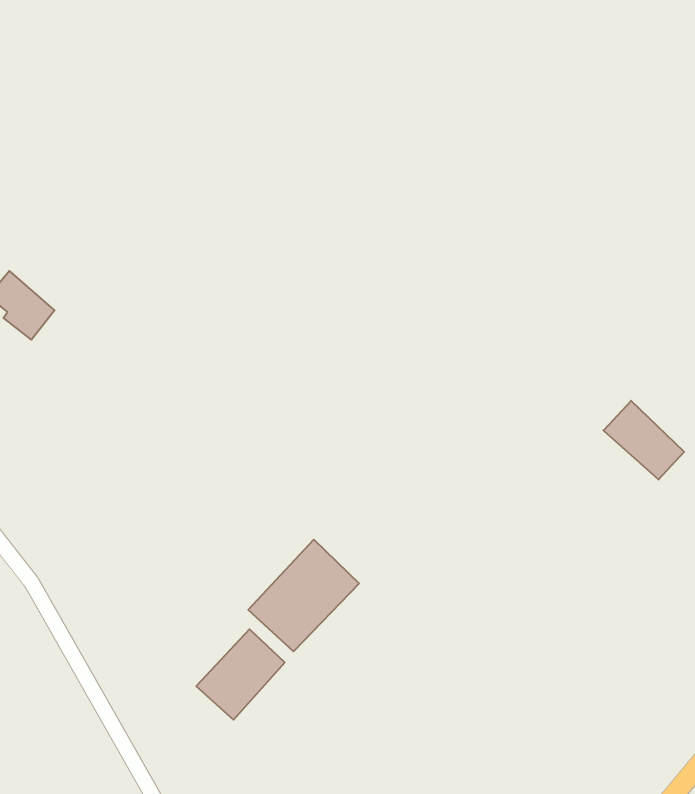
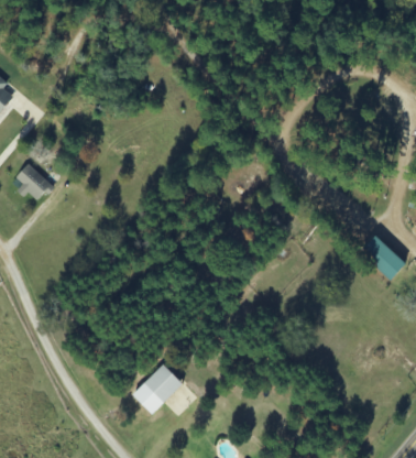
building: [248,540,359,651] -> none

